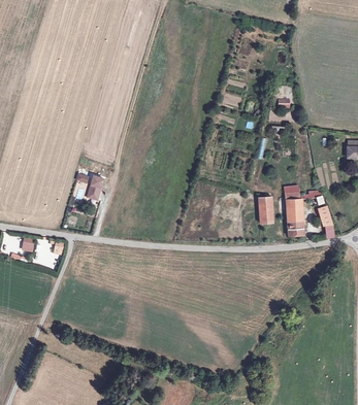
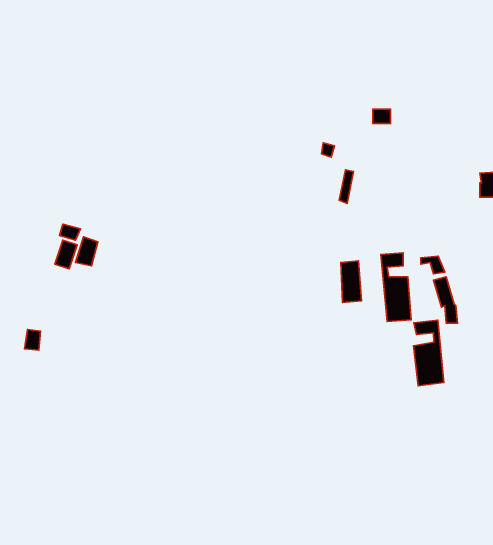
building: none -> [413,320,444,386]

